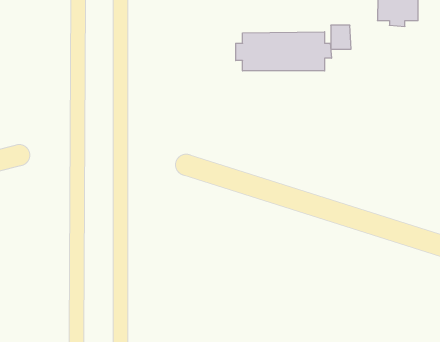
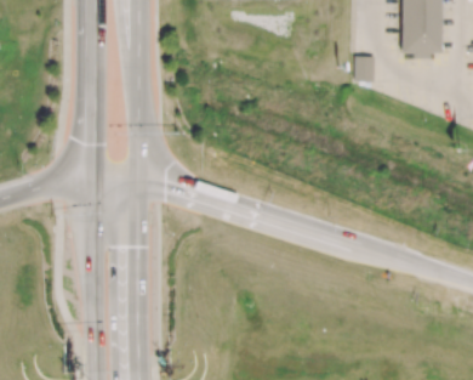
building: [236,32,331,71] -> none

